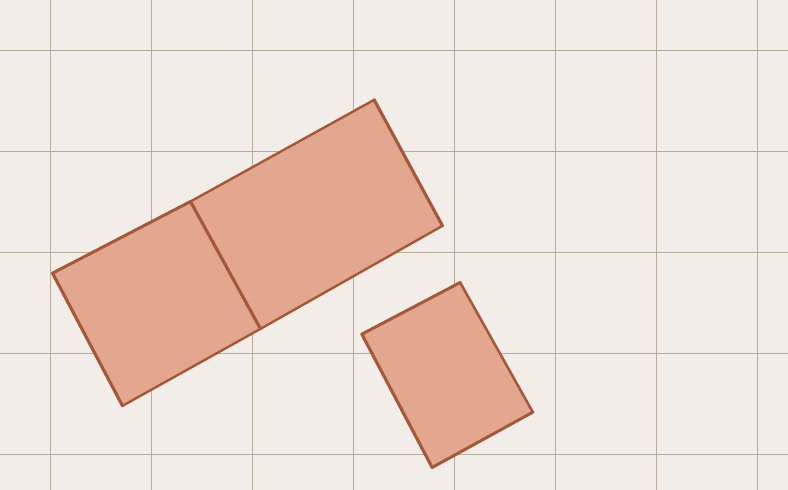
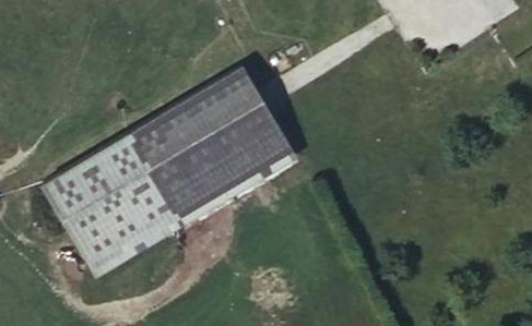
building: [362,282,533,468] -> none

